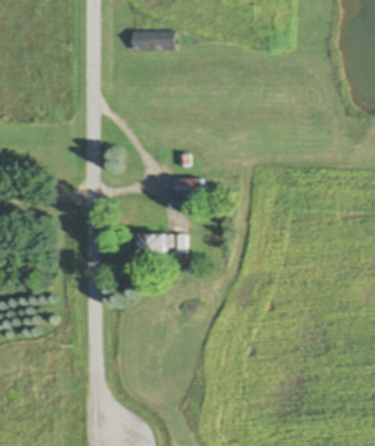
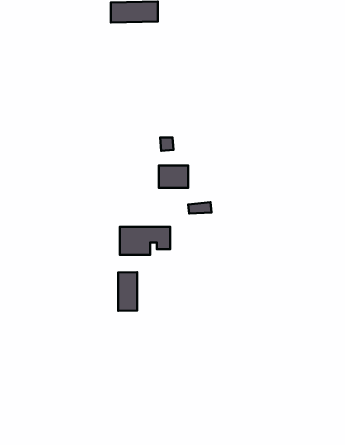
building: none -> [118,272,137,311]

